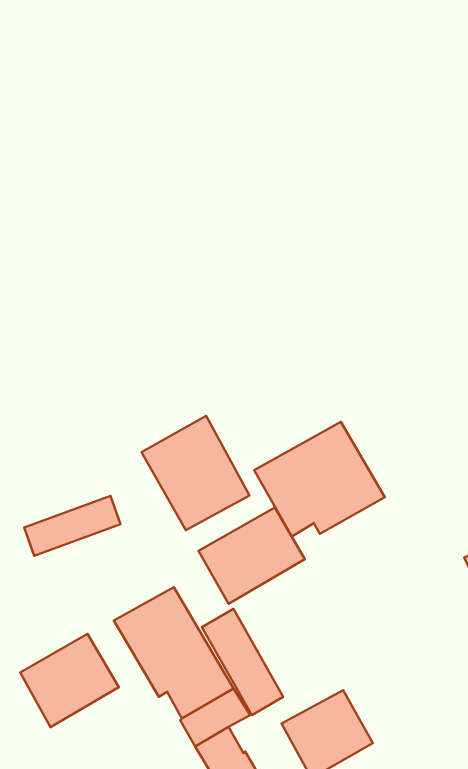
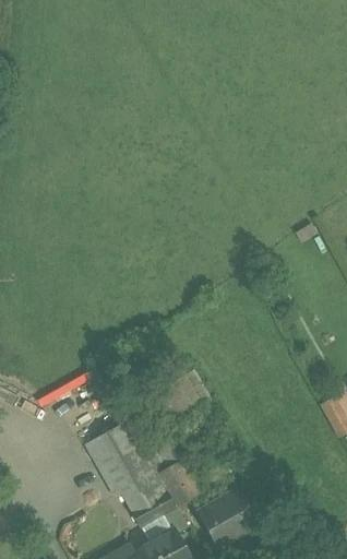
building: [142,416,250,530] -> none
building: [254,422,385,536] -> none
building: [20,634,119,727] -> none

